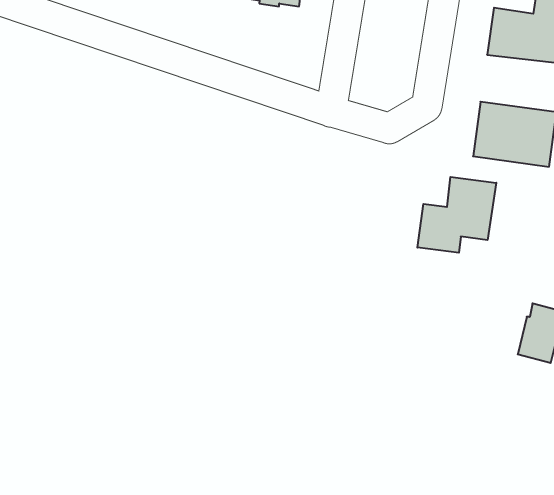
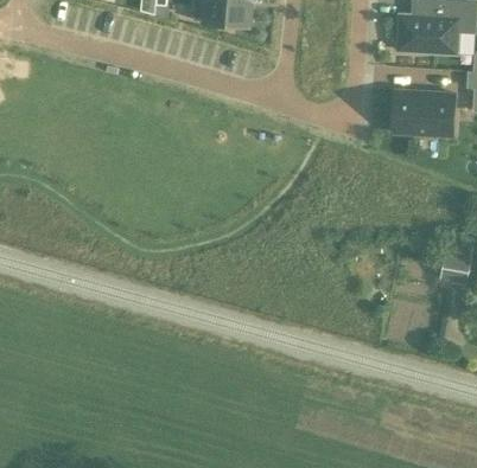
building: [417,177,496,253] -> none

